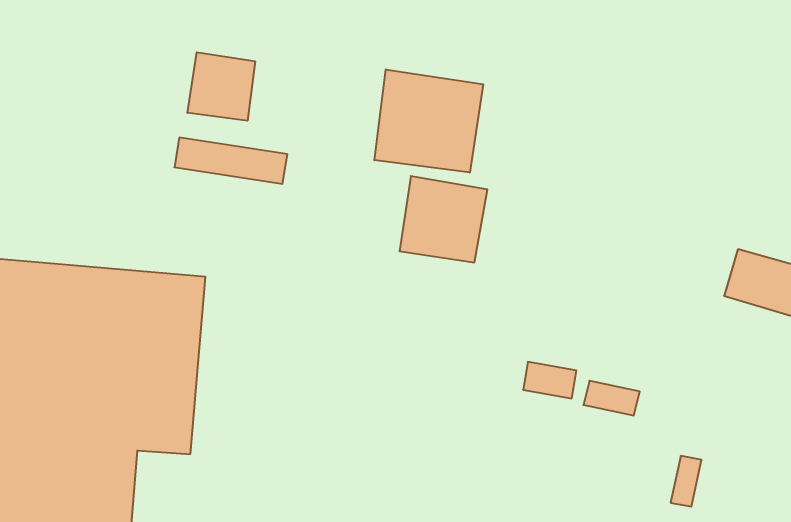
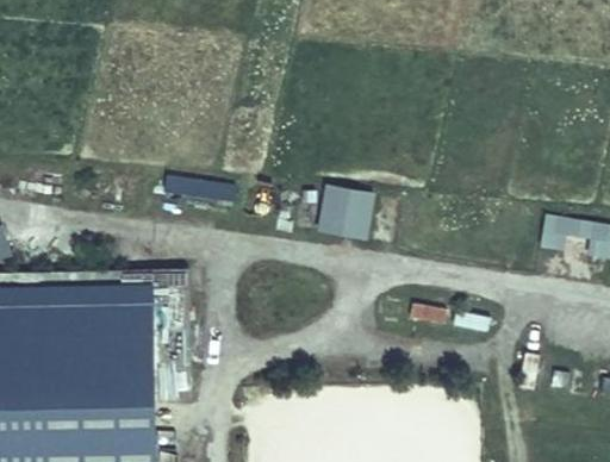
building: [187,52,255,121] -> none
building: [374,69,483,173] -> none

